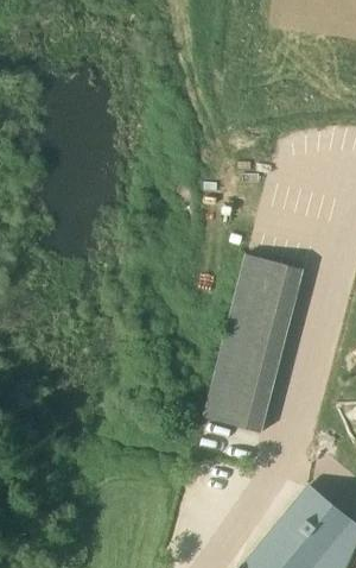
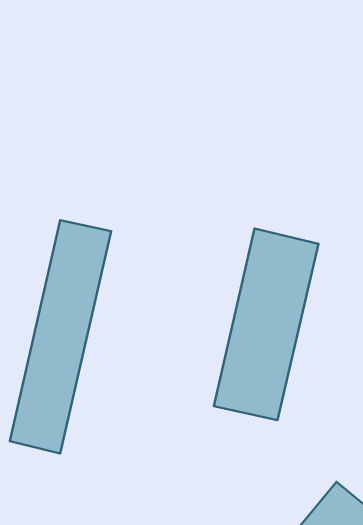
building: none -> [10,220,111,454]

